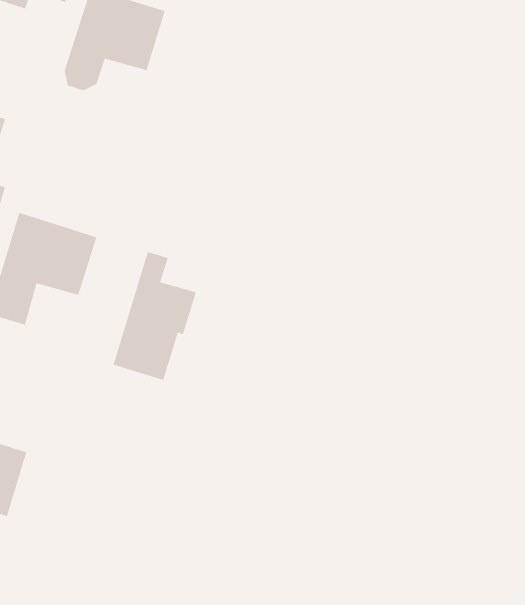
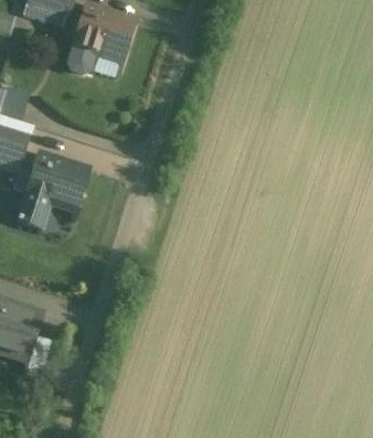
building: [113,251,197,381] -> none

